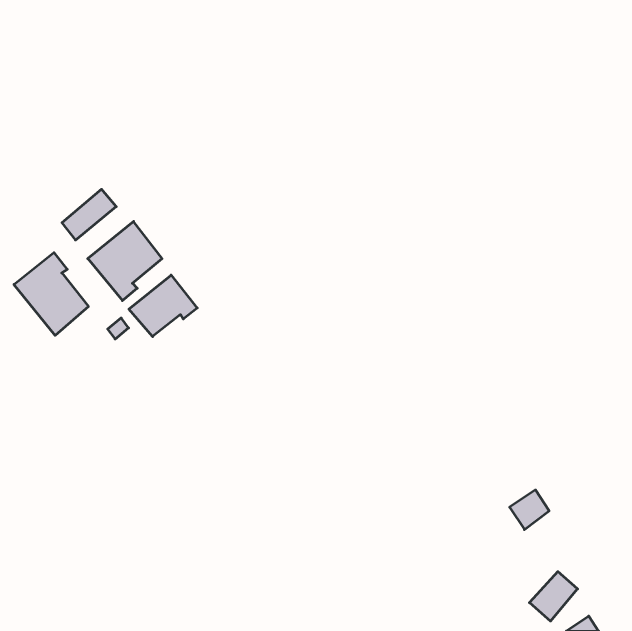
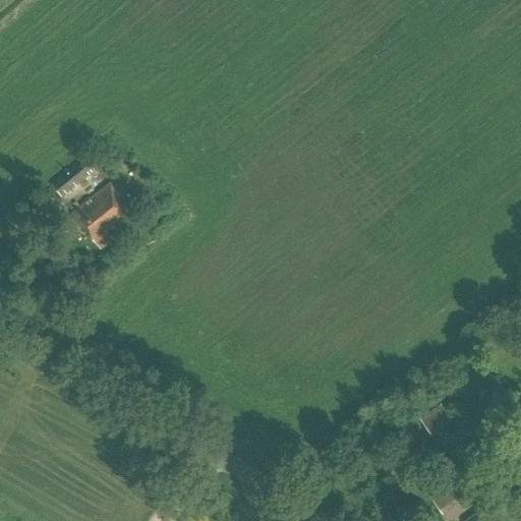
building: [14,253,88,335] -> none
building: [129,275,197,337] -> none

